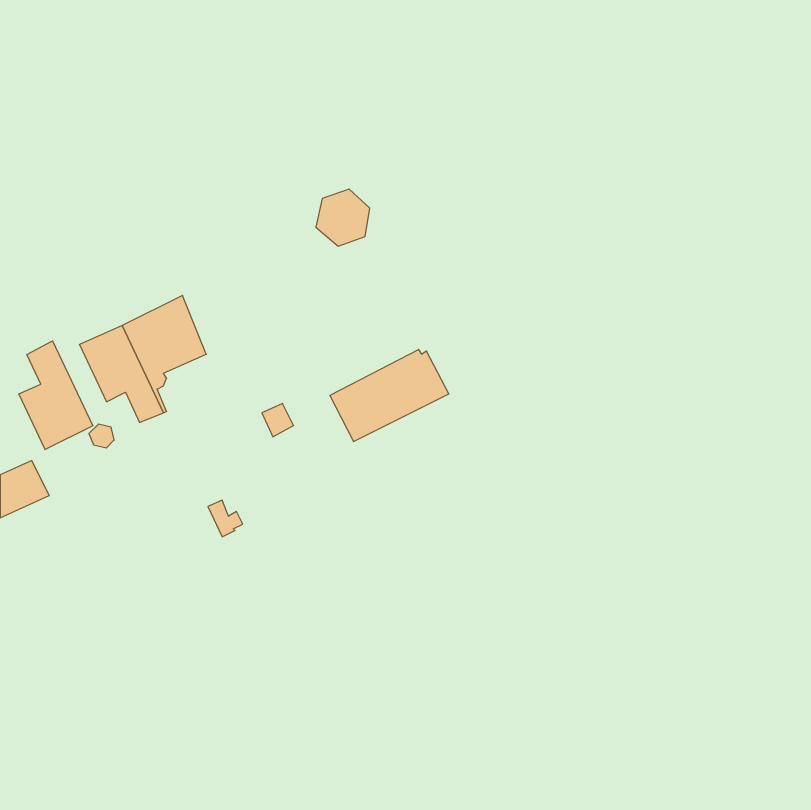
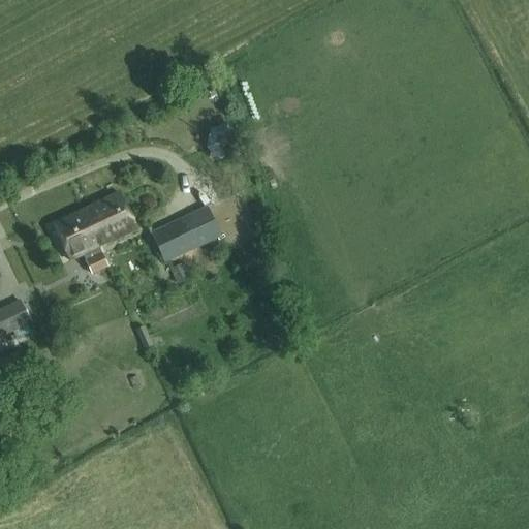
building: [19,341,93,450] -> none
building: [330,349,449,442] -> [149,204,226,263]

